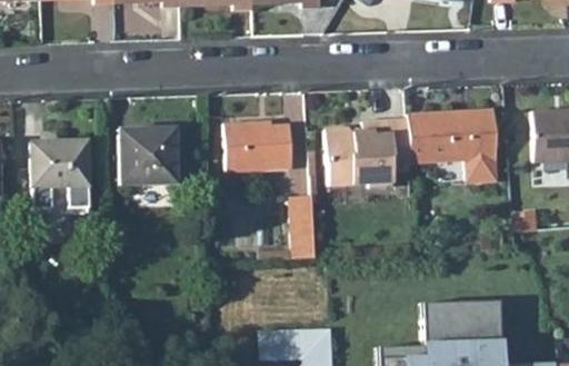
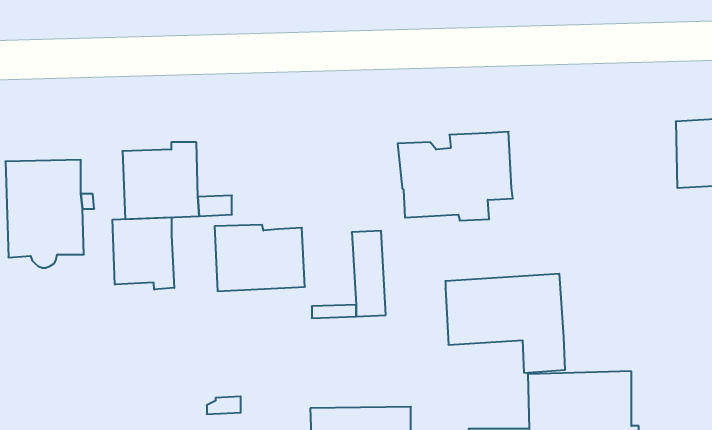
building: [408,109,498,184] -> [445,274,565,373]
building: [224,121,292,171] -> [215,225,305,291]
building: none -> [113,217,174,290]

